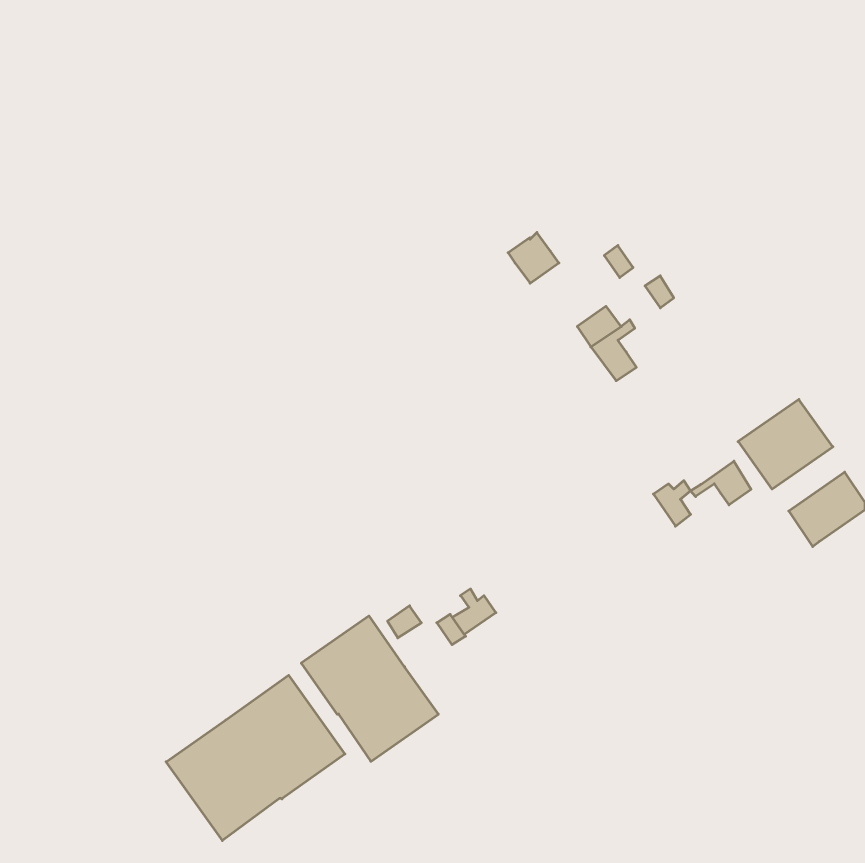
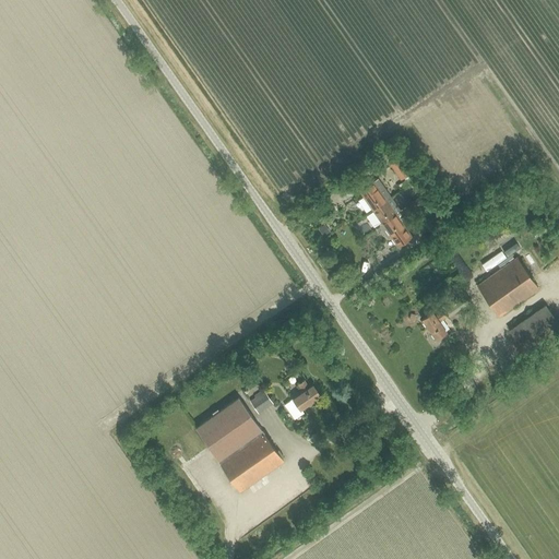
building: [508,232,559,283] -> [358,179,391,212]
building: [691,461,751,505] -> none
building: [166,675,345,841] -> none

